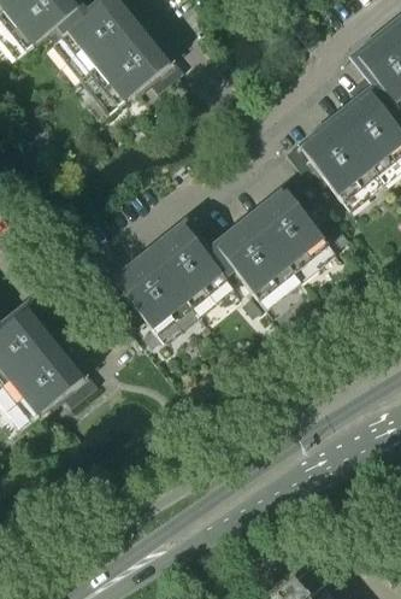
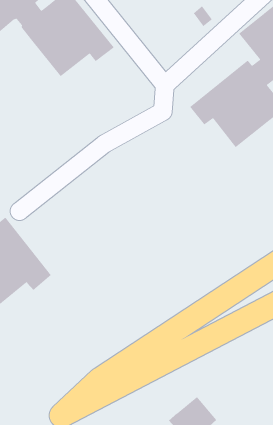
building: [99,176,334,341] -> none

